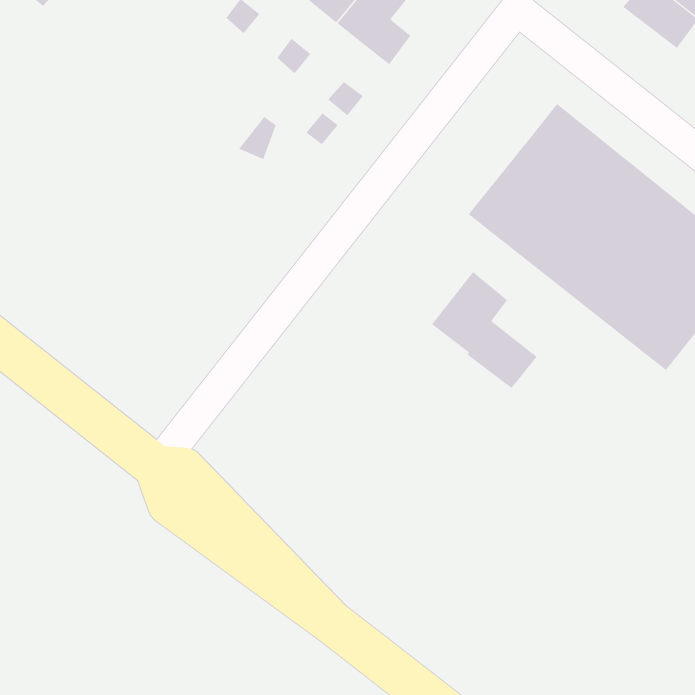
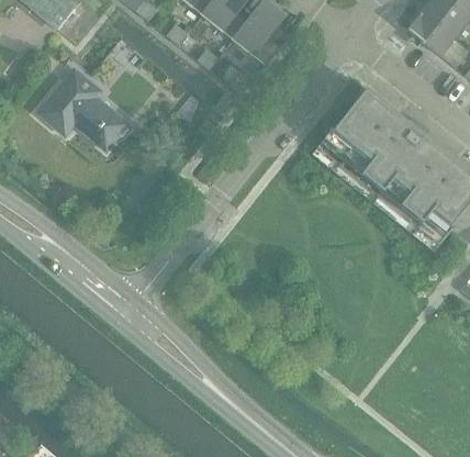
building: none -> [38,69,130,151]
building: [431,271,538,389] -> none

